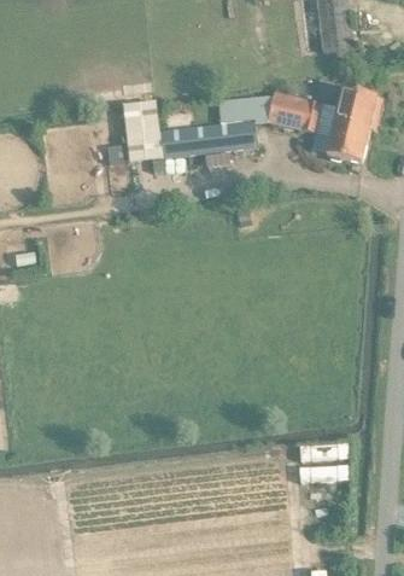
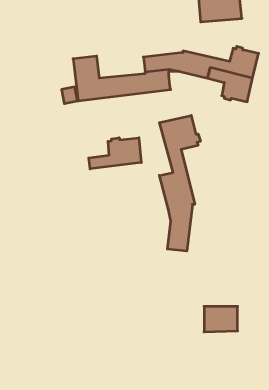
building: none -> [159,115,200,251]
building: none -> [89,138,141,169]

